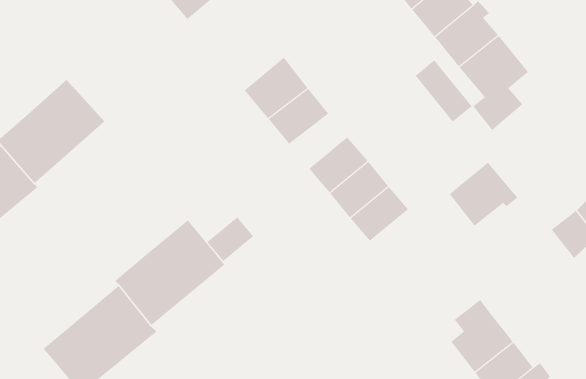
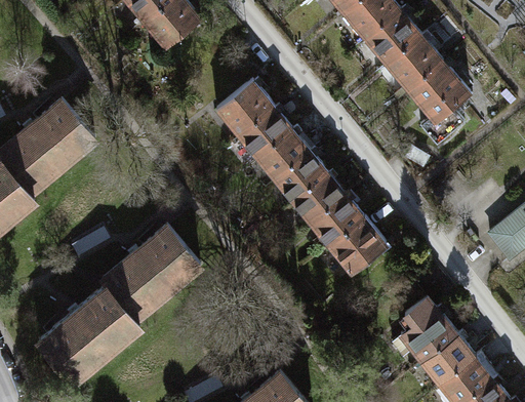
building: [415,59,472,122] -> none
building: none -> [257,130,310,179]
building: [449,162,518,226] -> [329,215,391,273]
building: [206,217,254,262] -> none

